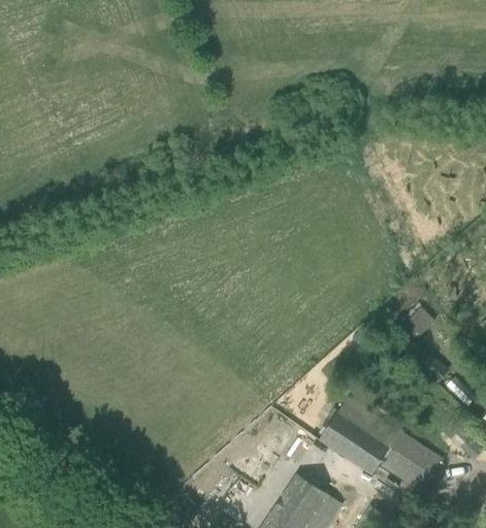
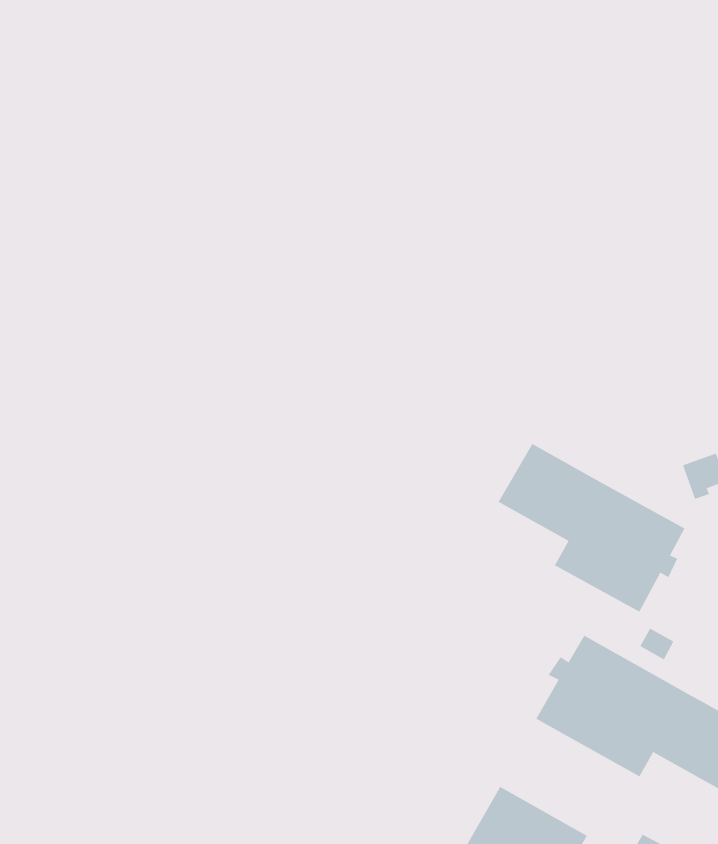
building: none -> [498,443,685,612]

